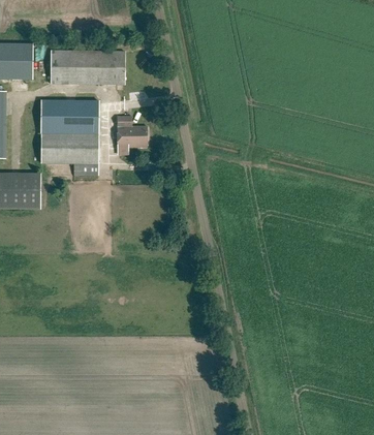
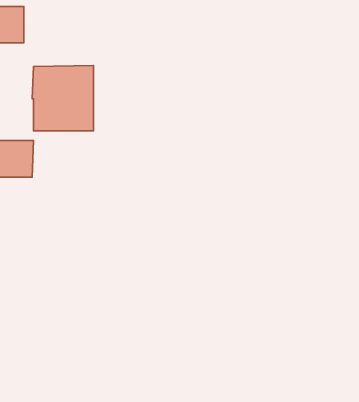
building: [51,51,126,85] -> none
building: [117,117,148,154] -> none

